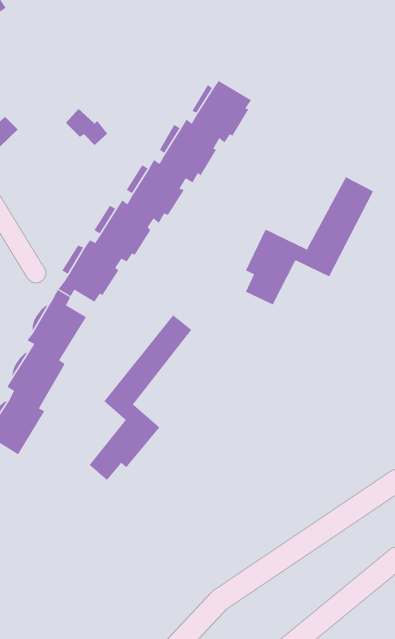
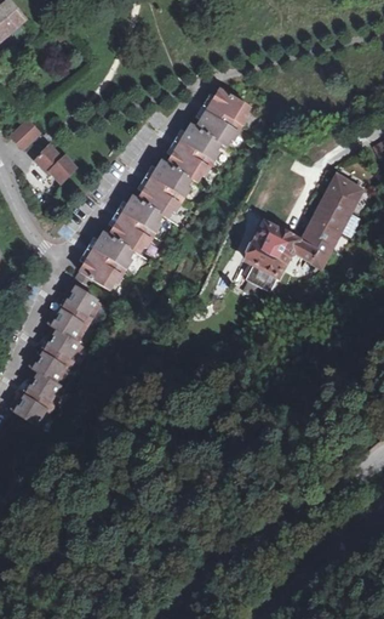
building: [65,108,108,146] -> [35,147,74,181]
building: [89,315,192,481] -> none

